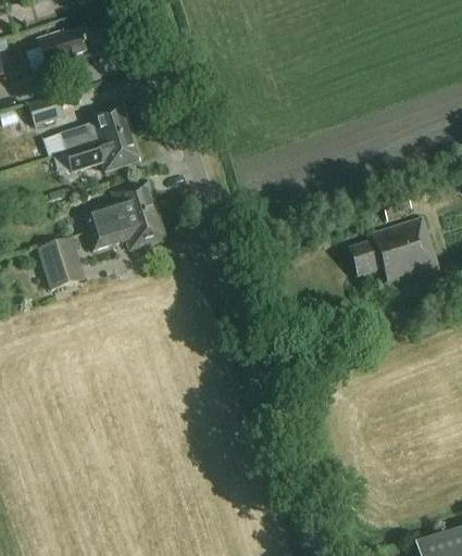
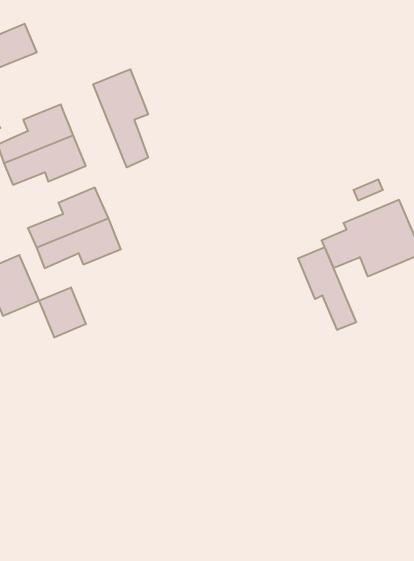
building: none -> [93,69,148,167]
building: none -> [298,247,356,330]
building: none -> [39,287,86,338]

